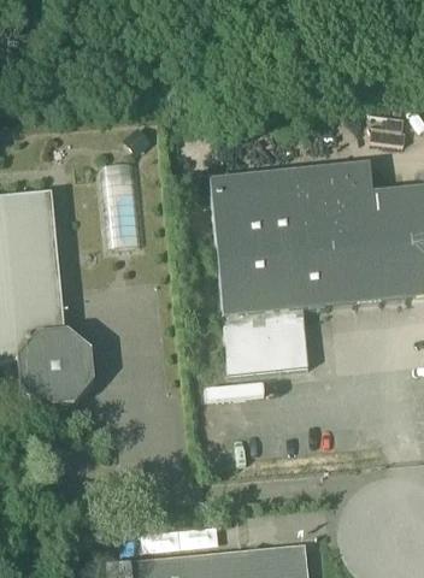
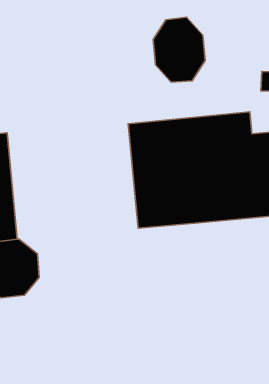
building: none -> [153,17,205,82]
building: [223,307,308,372] -> none

